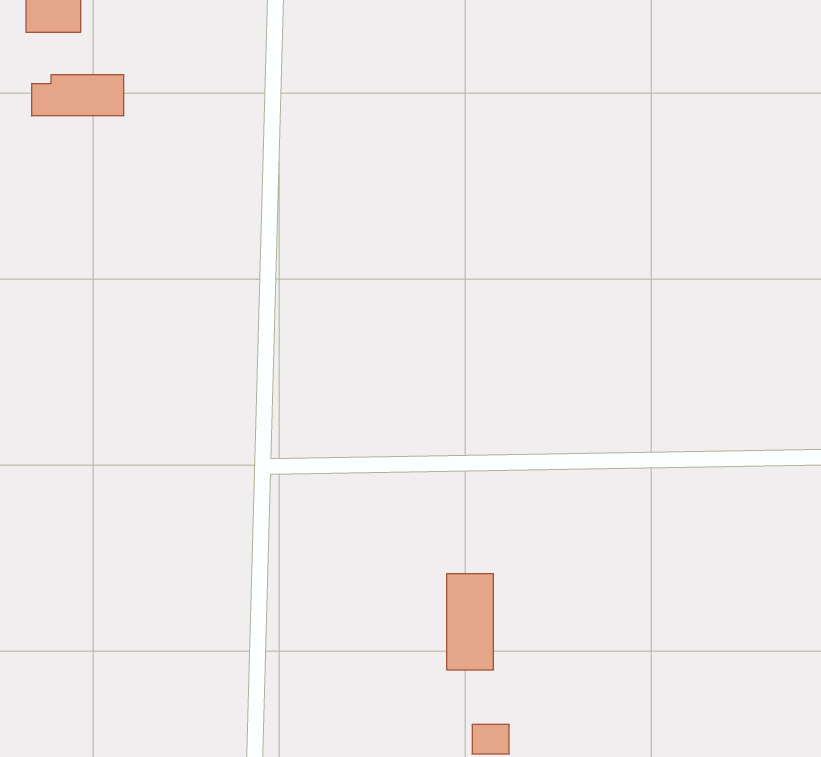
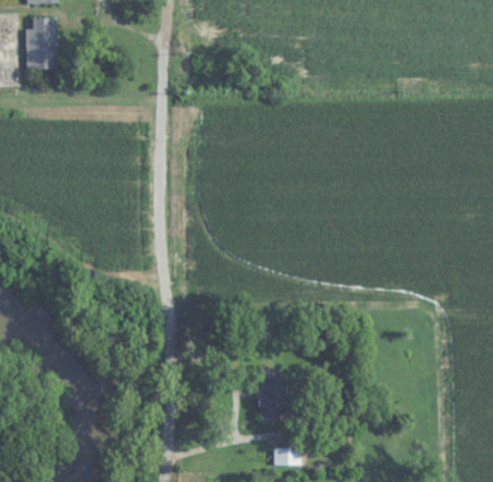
building: [32,75,124,116] -> none

